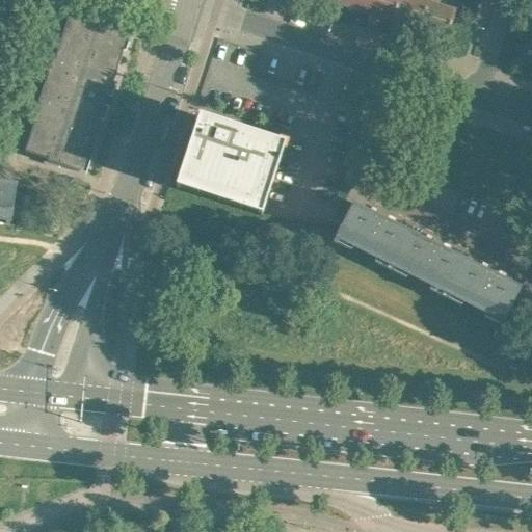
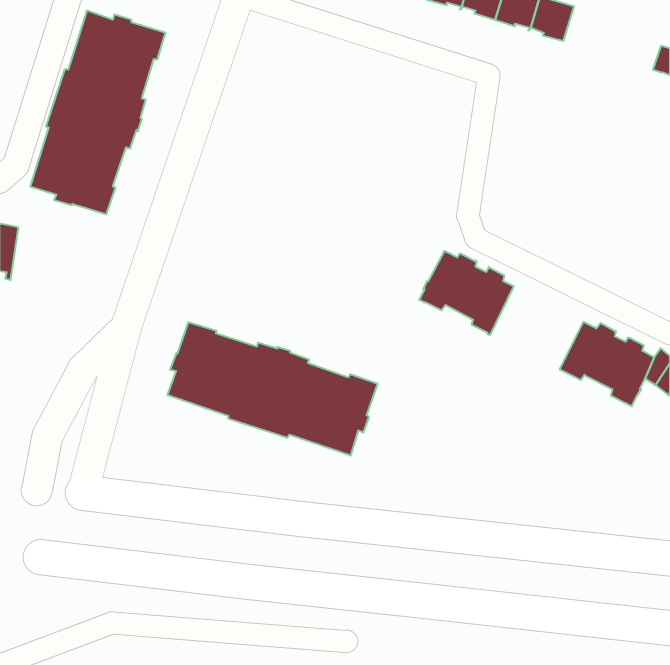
building: [175,111,284,211] -> none
building: [388,227,461,292] -> none
building: none -> [168,322,377,456]

